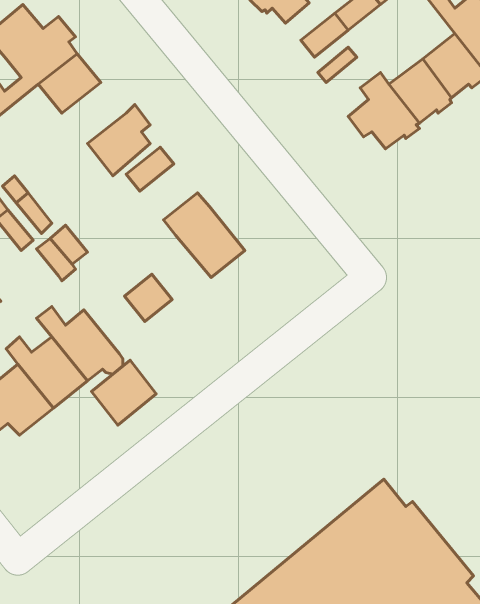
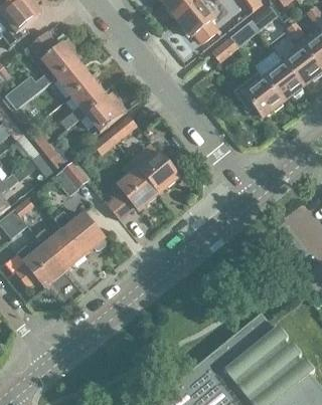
building: none -> [60,77,108,129]
building: none -> [117,168,158,210]
building: [92,360,156,425] -> none

